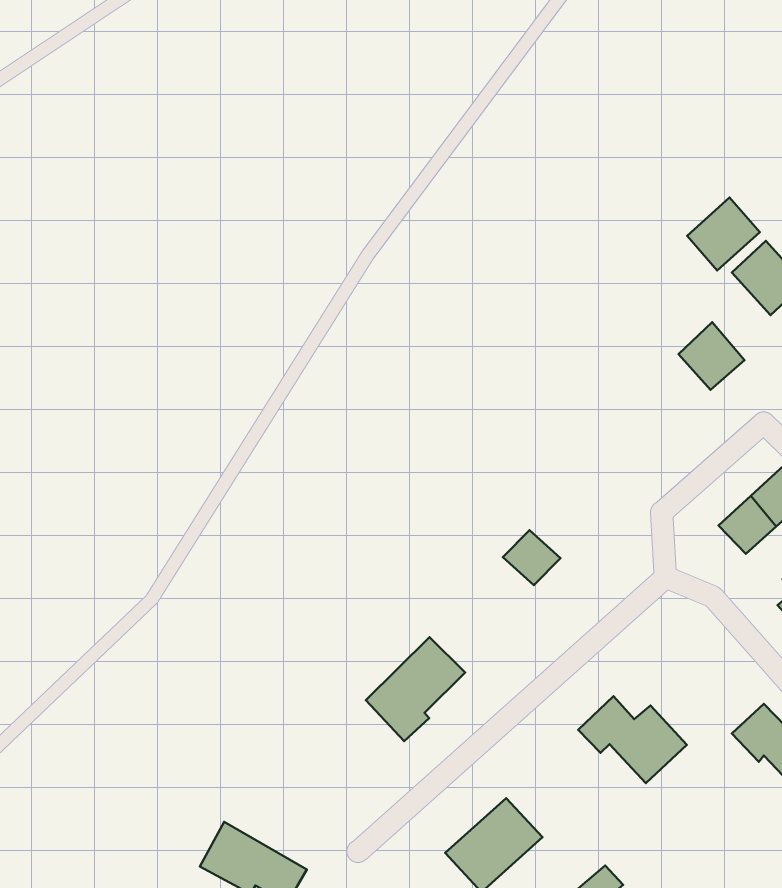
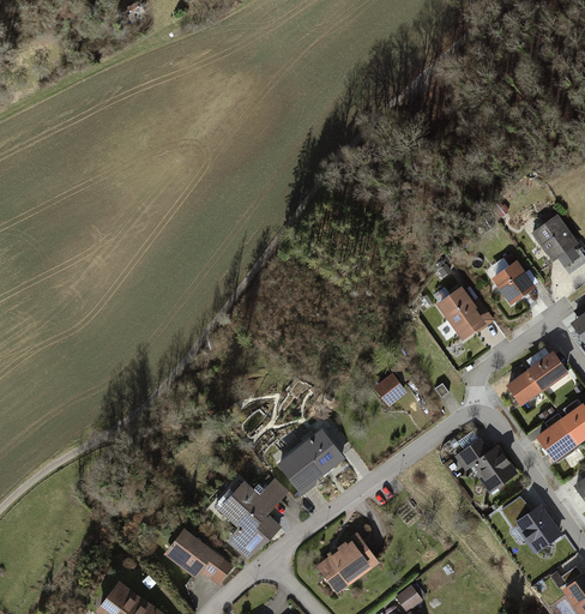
building: [687,198,760,271] -> none
building: none -> [441,287,490,337]
building: [578,696,687,783] -> [453,438,518,493]
building: none -> [222,482,288,558]

